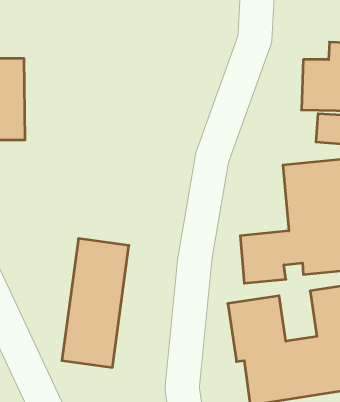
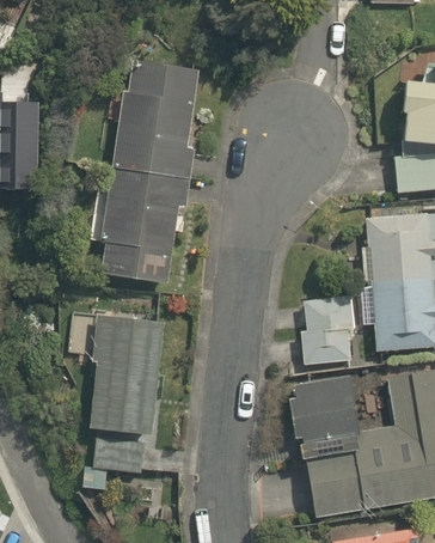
building: none -> [100,61,197,291]

